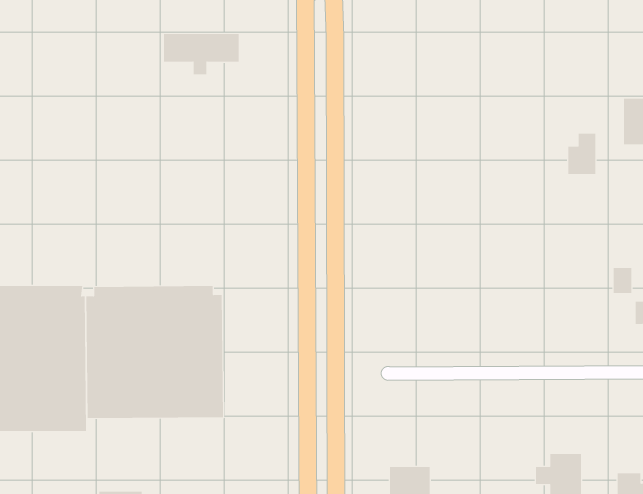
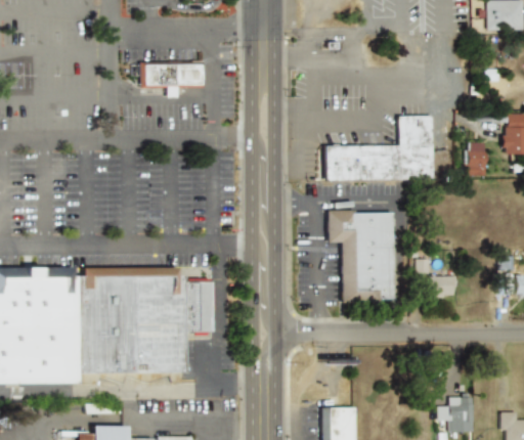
building: none -> [323,116,433,181]
building: none -> [328,211,396,303]
building: none -> [430,272,455,301]
building: none -> [189,279,217,331]

